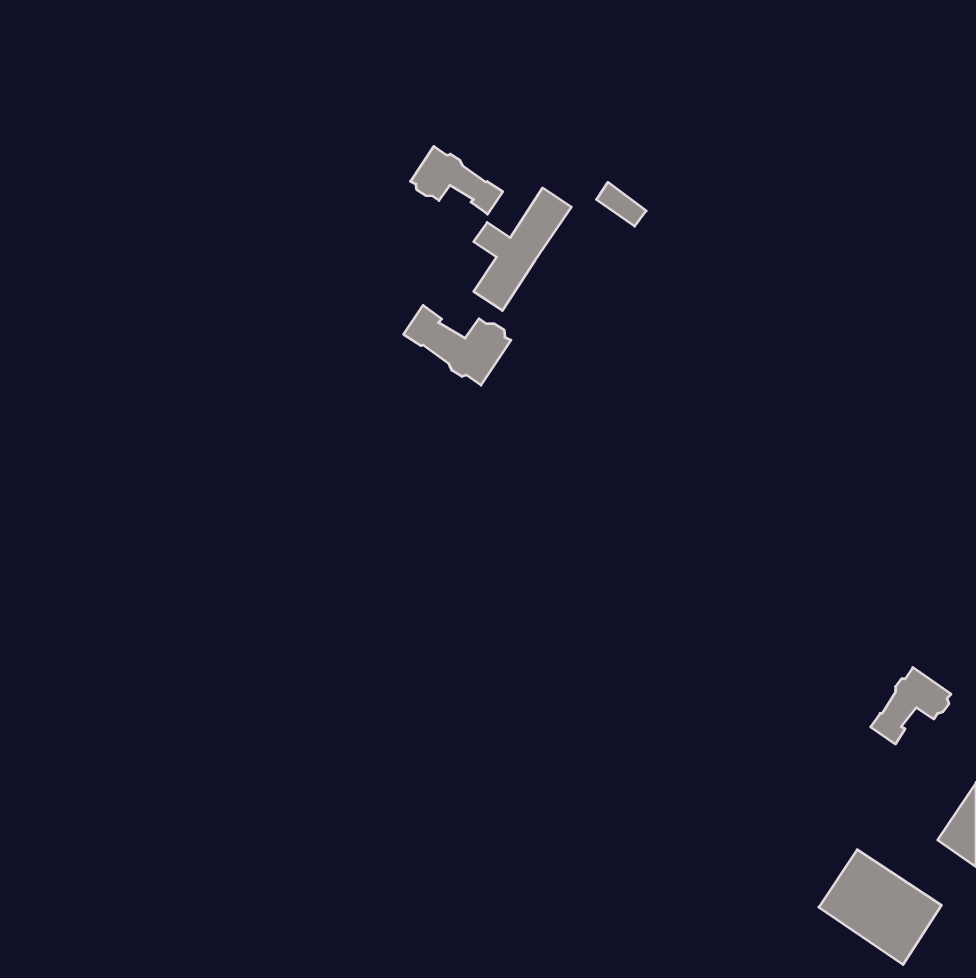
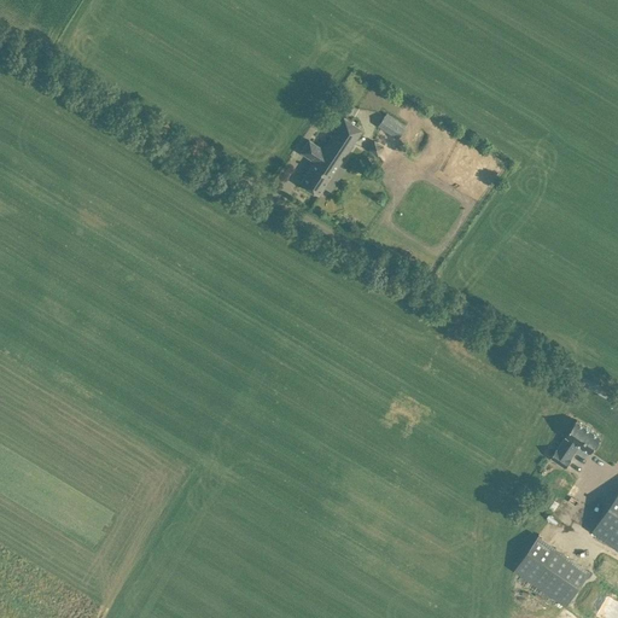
building: [410,146,503,214] -> none
building: [404,305,511,385] -> none

